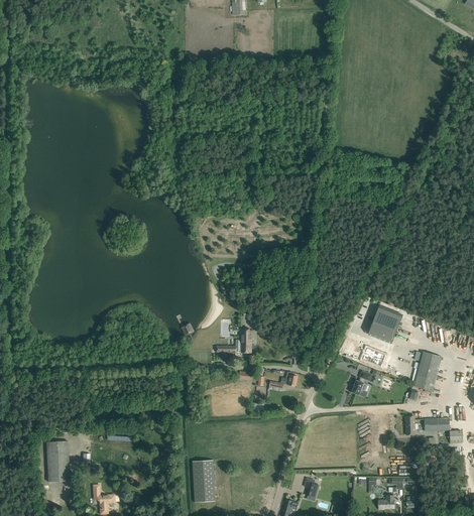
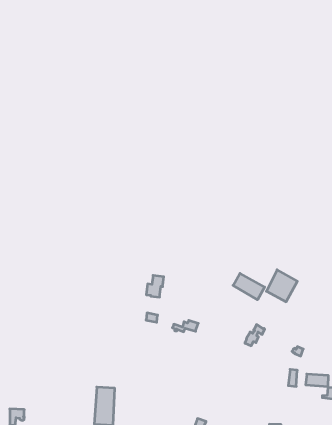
building: none -> [233,273,265,300]
building: [413,351,441,390] -> none

